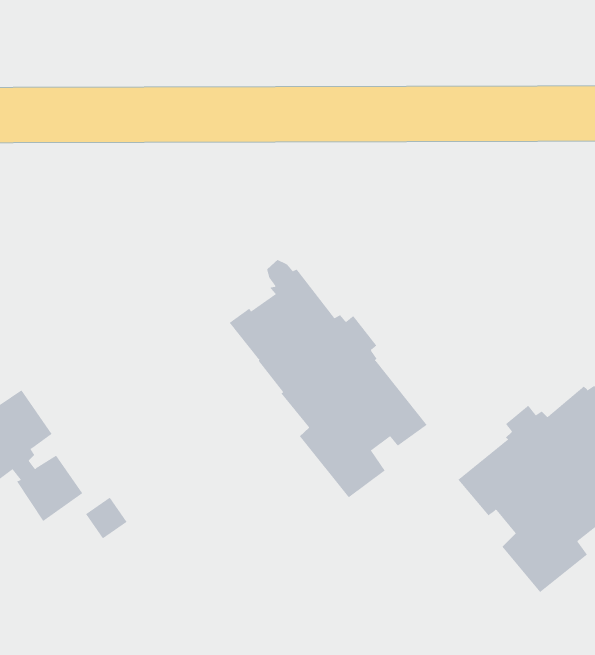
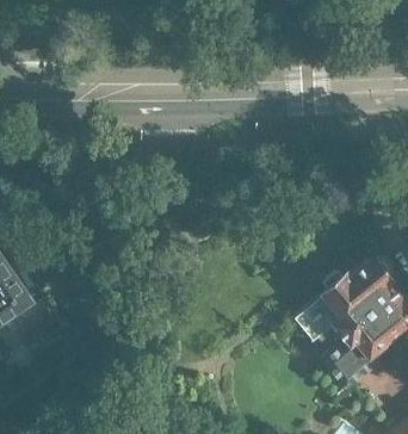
building: [229,259,427,498] -> none

